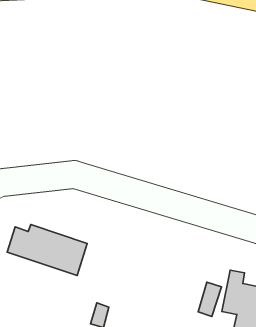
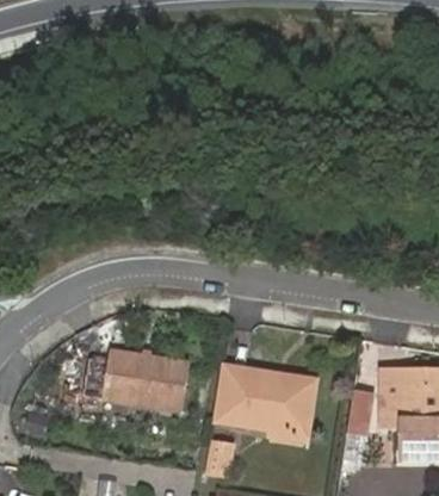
building: none -> [217,364,311,433]

